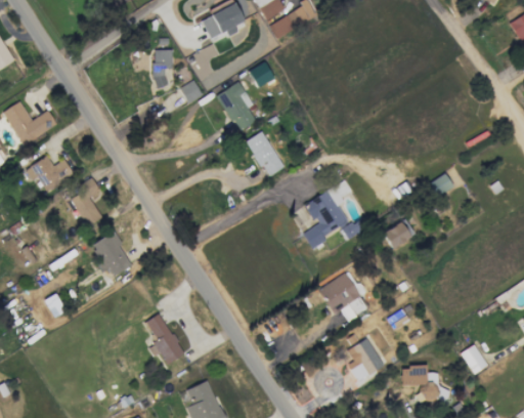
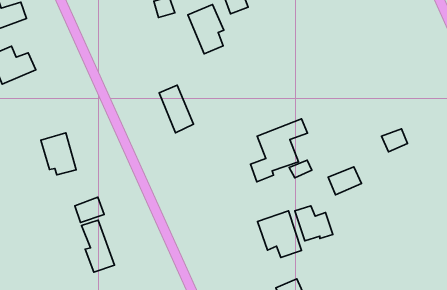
building: [246,130,285,177] -> [159,85,193,133]
building: [68,177,101,226] -> none
building: none -> [295,206,333,241]
building: none -> [75,197,104,223]

